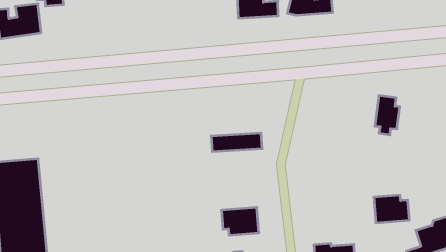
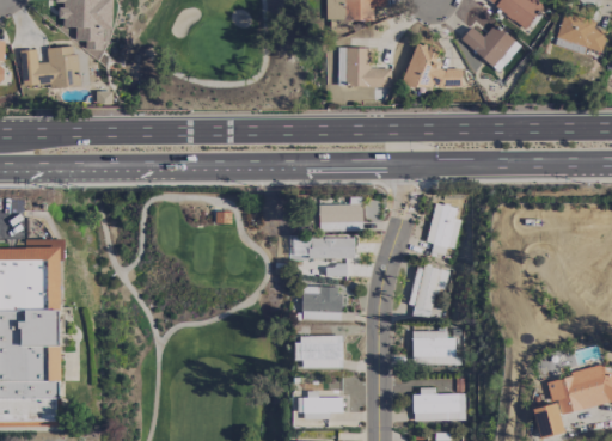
building: [375,96,400,135] -> [426,203,460,256]
building: none -> [318,197,362,232]
building: none -> [408,264,451,319]
building: none -> [302,287,341,321]
building: [374,195,409,223] -> [412,331,457,365]

